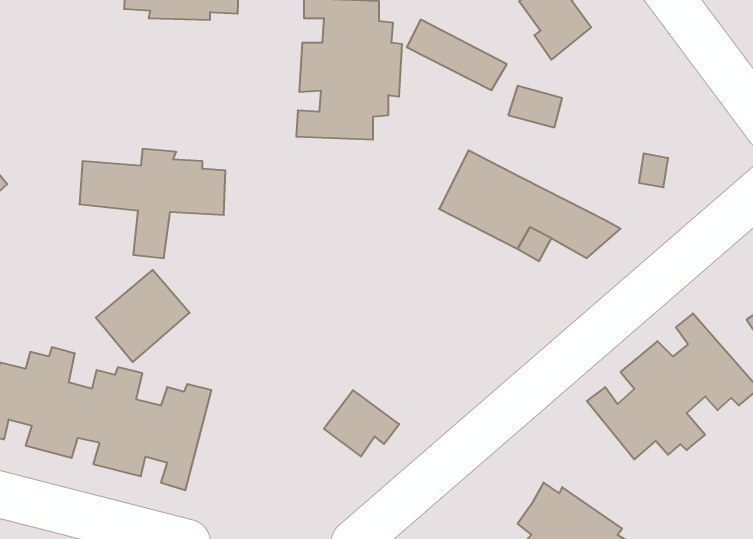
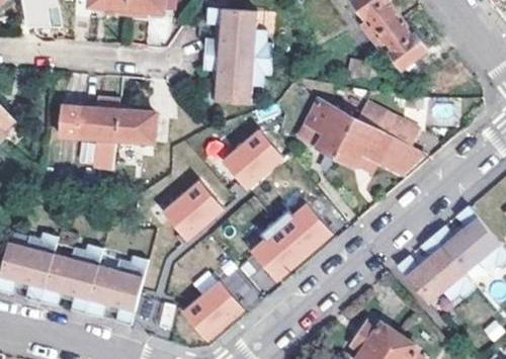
building: [407,20,507,90] -> [353,100,419,147]
building: none -> [372,19,424,68]
building: none -> [224,129,285,190]
building: [96,270,190,362] -> [163,180,225,241]
building: none -> [239,190,332,280]
building: none -> [177,273,244,341]

